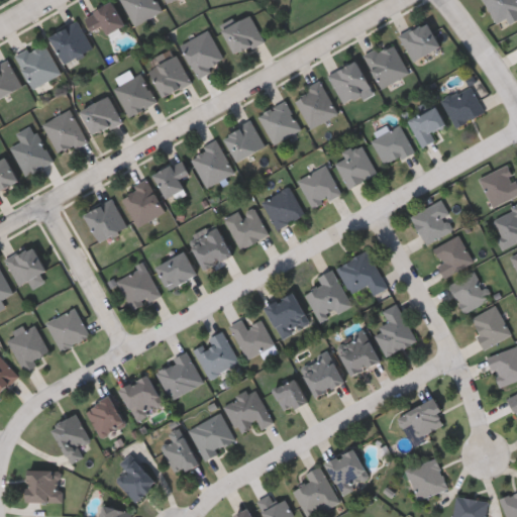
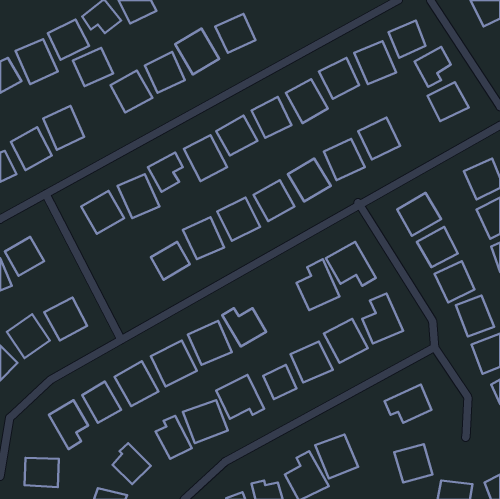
building: [81,96,122,135] -> [73,48,113,86]
building: [407,105,444,146] -> [415,47,451,87]
building: [117,266,161,311] -> none
building: [265,292,308,338] -> none

